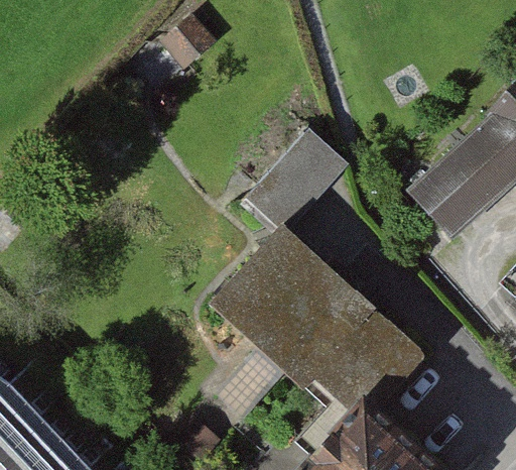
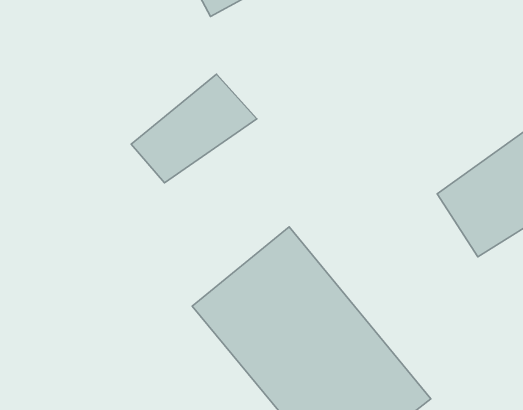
building: [248,125,354,227] -> [131,74,257,183]

